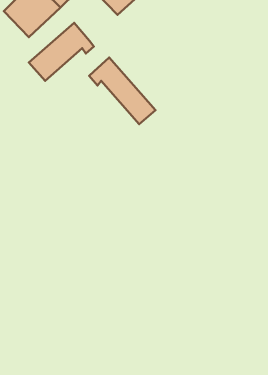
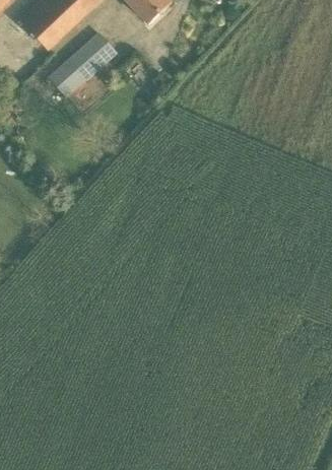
building: [89,57,155,124] -> none

